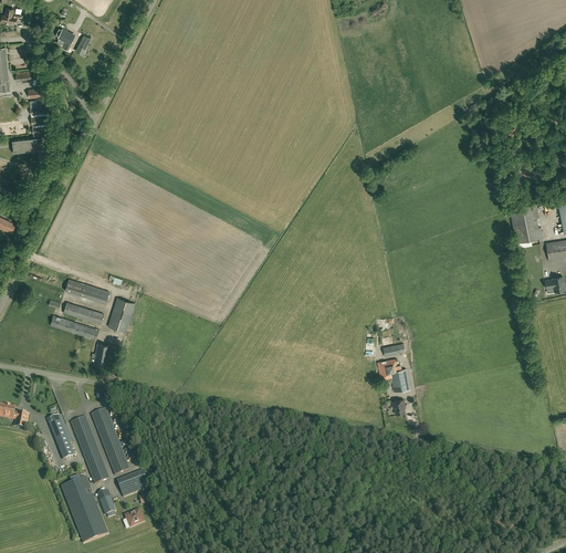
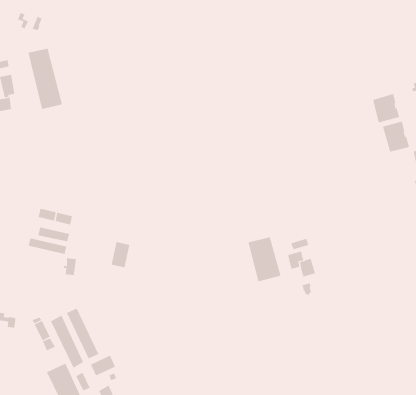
building: none -> [28,48,62,110]
building: none -> [372,93,400,123]
building: [108,298,135,332] -> [111,242,130,268]
building: none -> [248,237,281,282]

